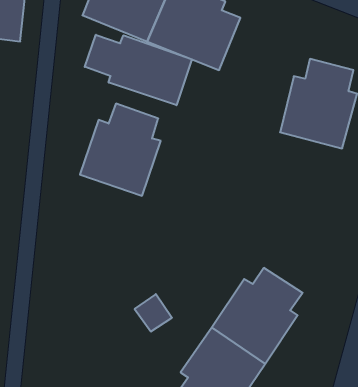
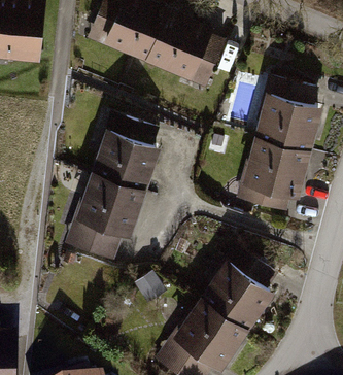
building: [85,35,192,105] -> none
building: none -> [244,136,307,209]
building: none -> [67,171,141,257]

